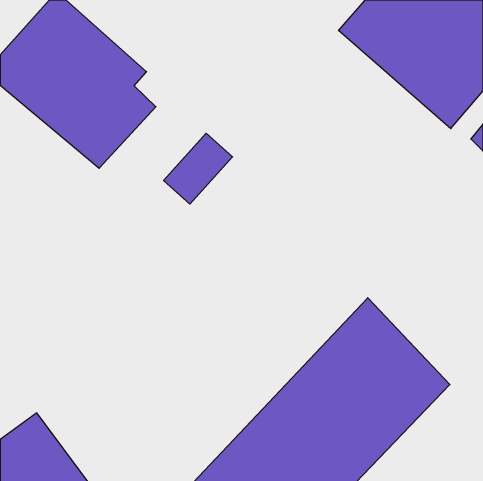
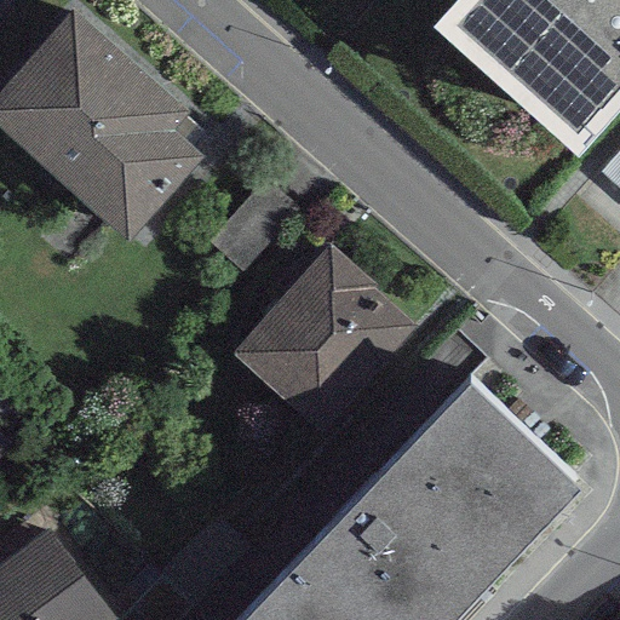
building: none -> [228,235,420,427]

